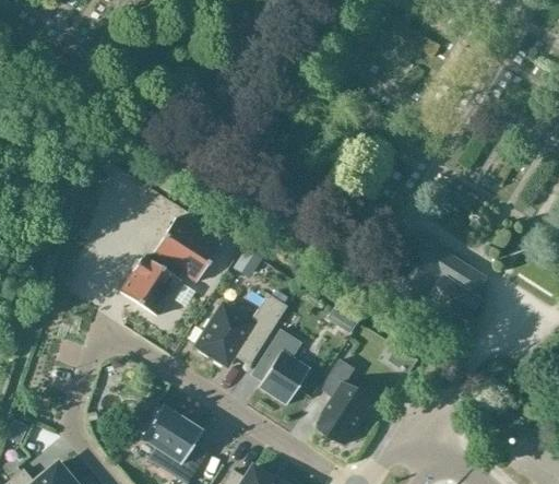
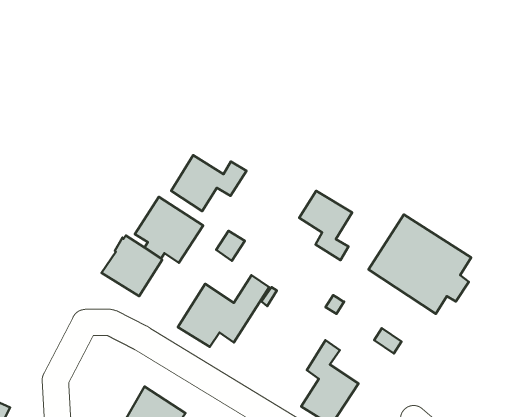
building: none -> [171,155,247,211]
building: none -> [299,191,352,260]
building: [252,329,310,404] -> none

